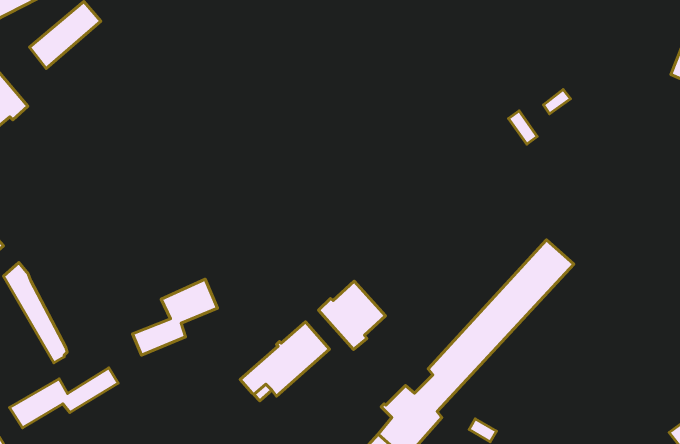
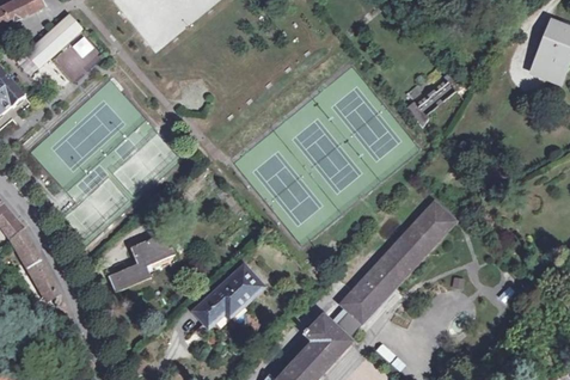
building: none -> [51,33,100,82]
building: [319,281,385,350] -> none
building: [10,368,118,428] -> none

